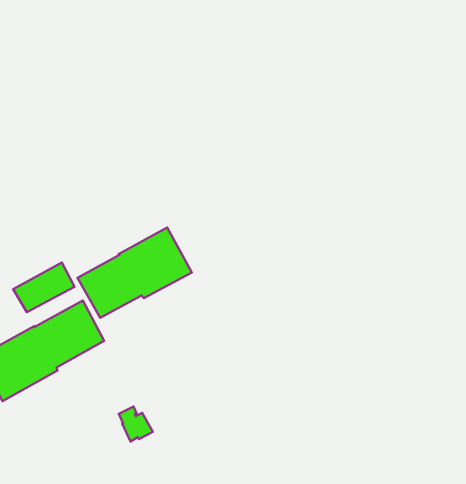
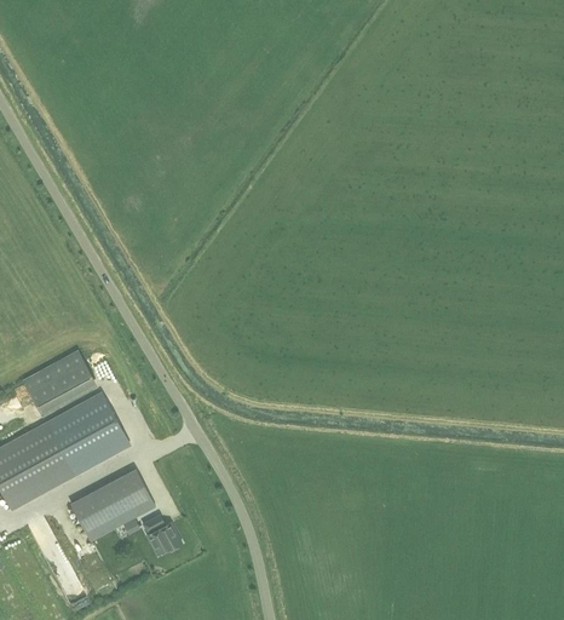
building: [78,228,192,318] -> none
building: none -> [70,470,154,540]

